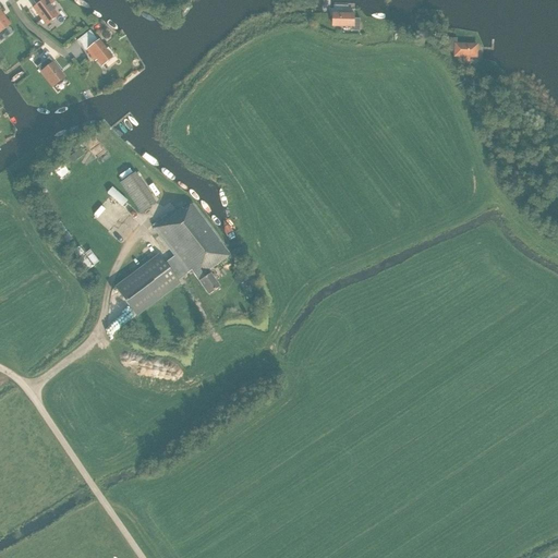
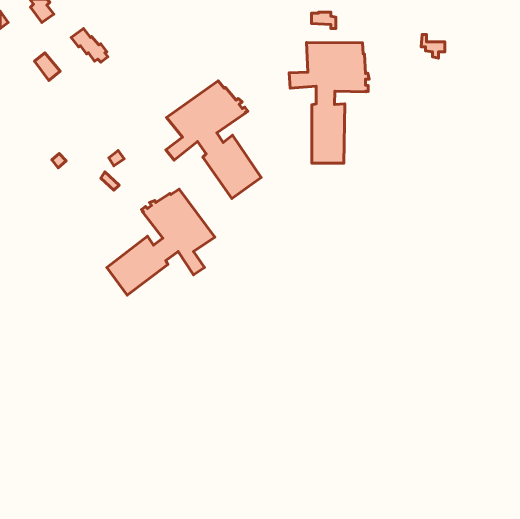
building: none -> [289,43,369,163]
building: none -> [166,81,261,198]
building: [119,171,156,213] -> none

